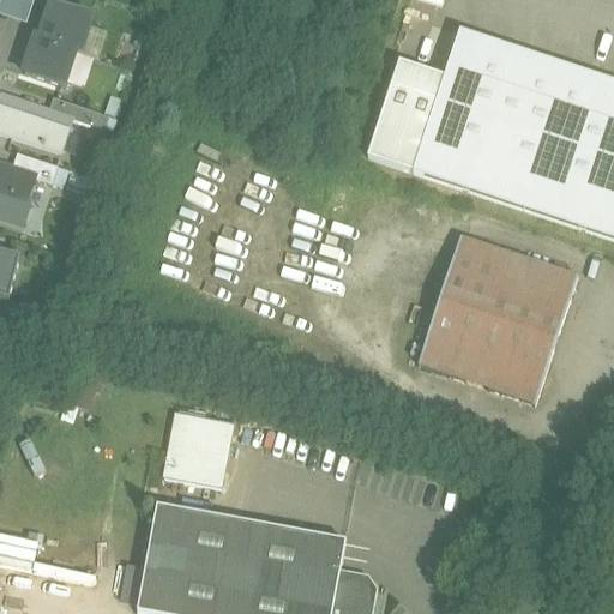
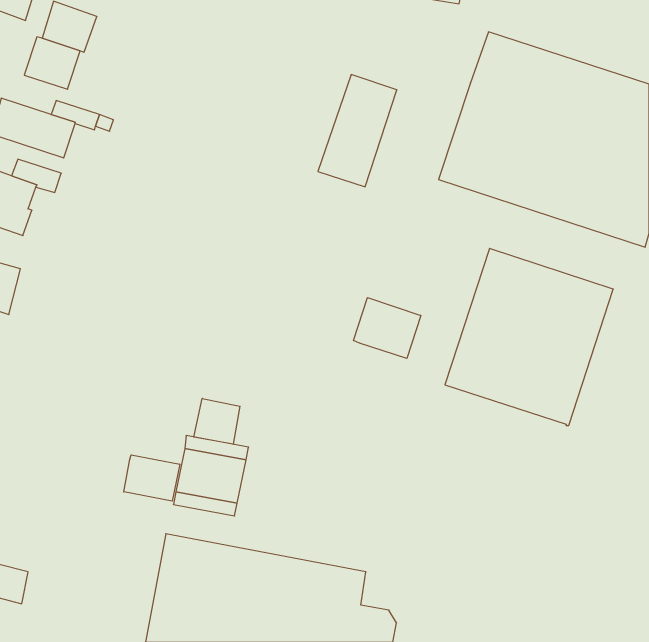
building: [368,64,443,169] -> [318,75,397,187]
building: none -> [354,298,421,358]
building: none -> [194,398,240,444]
building: none -> [124,455,180,501]

